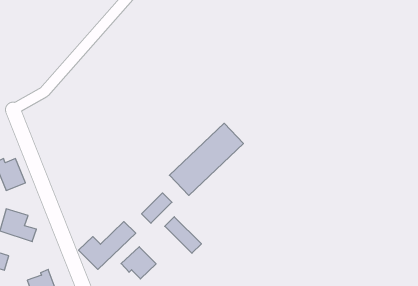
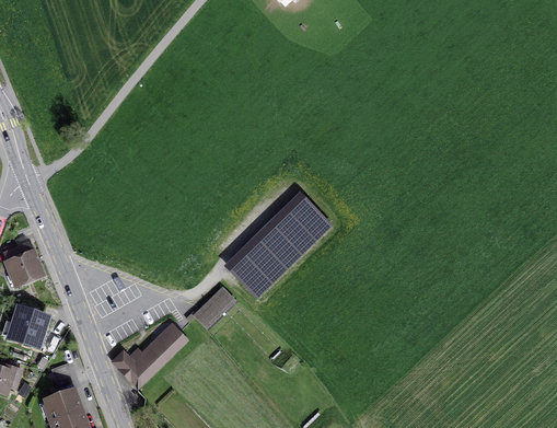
building: [165,217,201,253] -> none
building: [121,247,156,279] -> none

